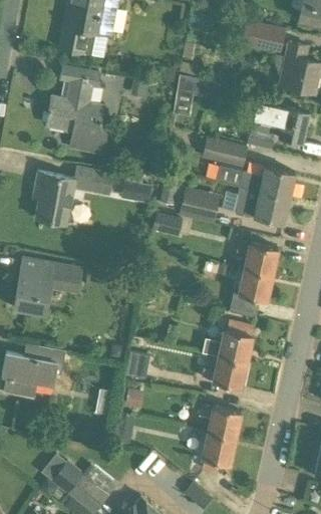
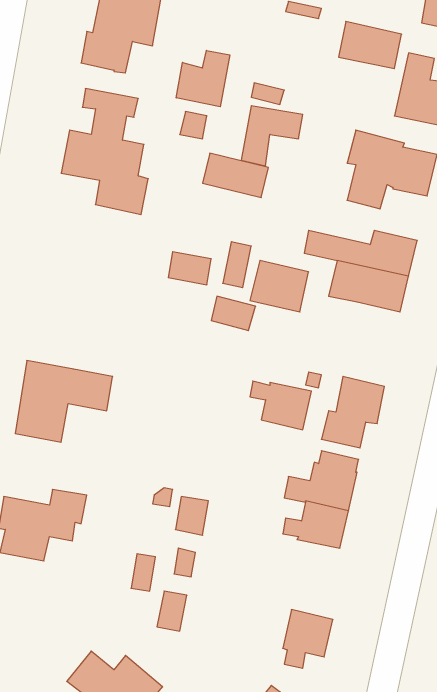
building: none -> [176,50,230,107]
building: [202,137,248,168] -> [203,153,268,198]
building: [34,167,113,225] -> none
building: [236,241,279,275] -> [250,381,311,430]
building: [199,406,242,439] -> none

